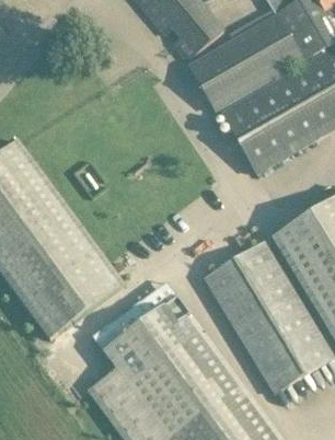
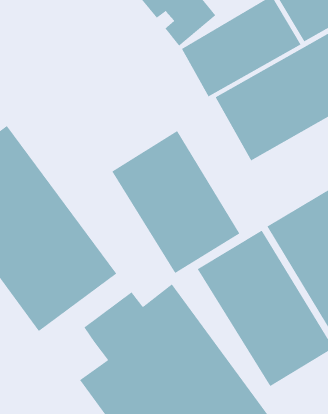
building: none -> [112,130,240,274]

